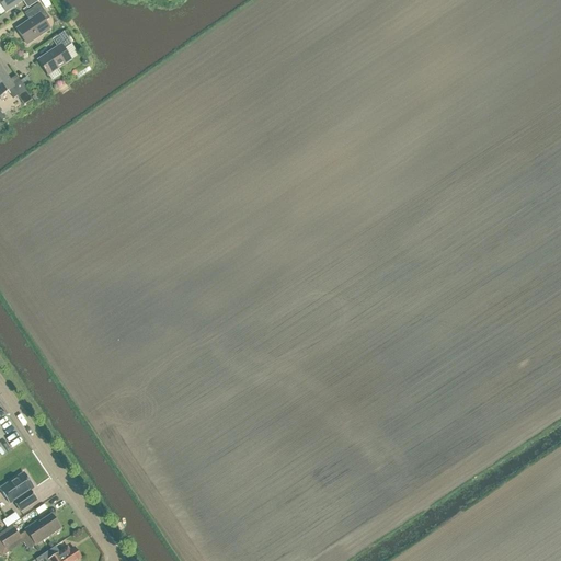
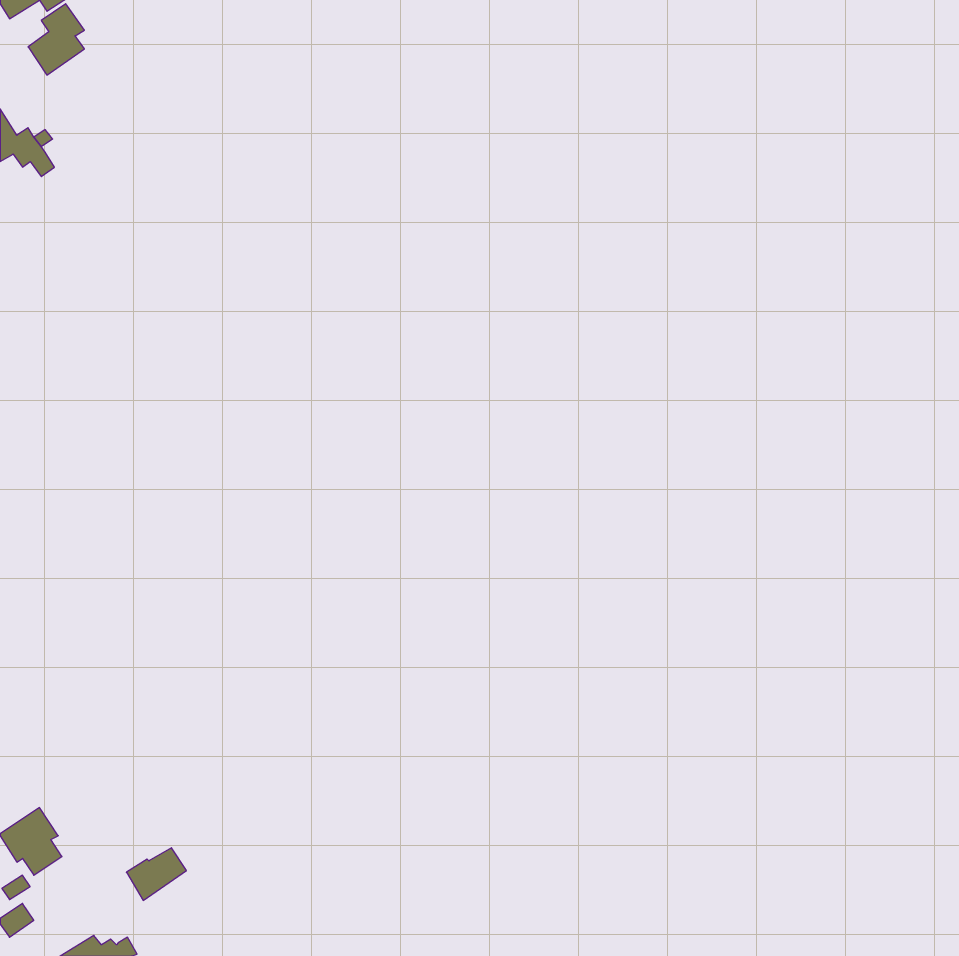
building: [38,32,71,73] -> none
building: [25,514,60,545] -> [126,848,186,900]

